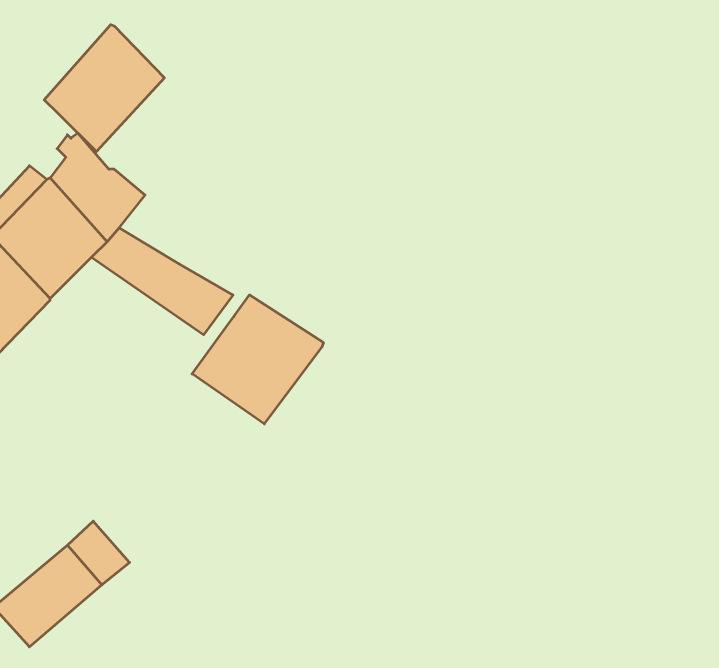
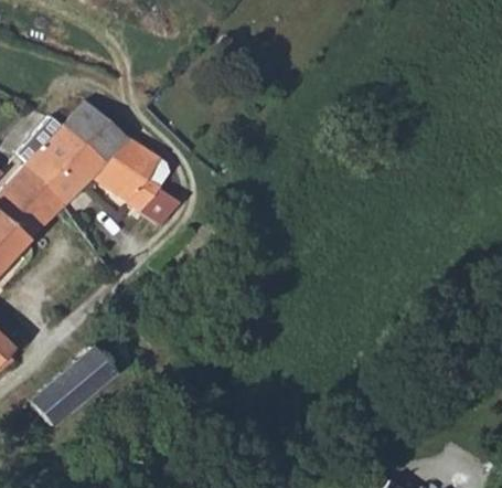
building: [44,25,164,152] -> none
building: none -> [110,137,162,181]
building: [192,295,323,424] -> none

